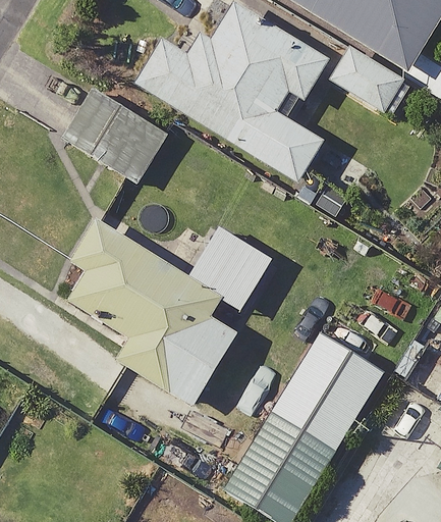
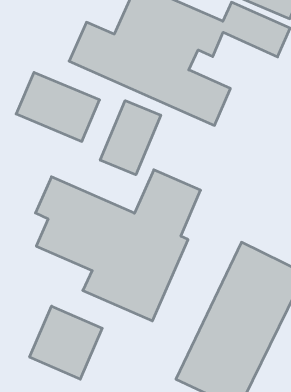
building: none -> [100,101,161,175]
building: none -> [30,306,102,379]

